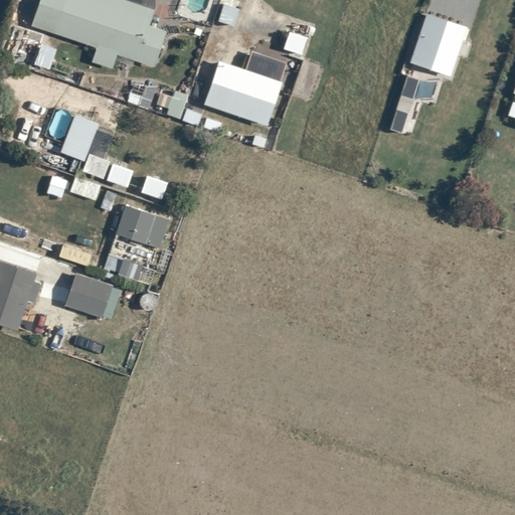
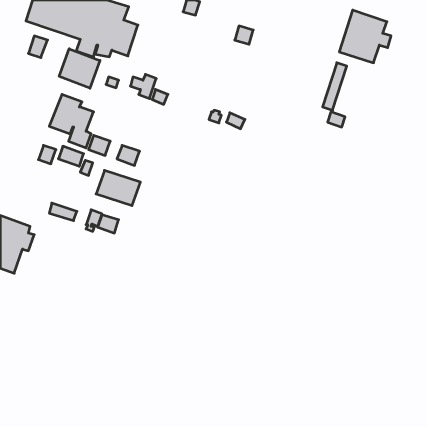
building: [203,50,286,126] -> none
building: none -> [59,49,100,88]
building: [64,273,113,318] -> none

